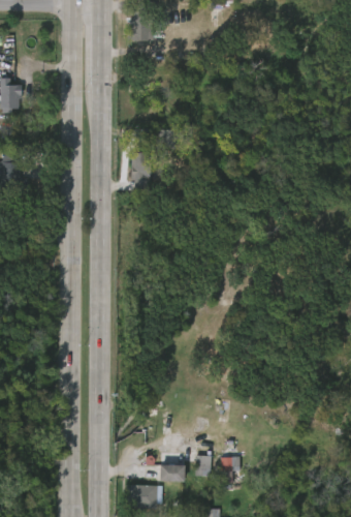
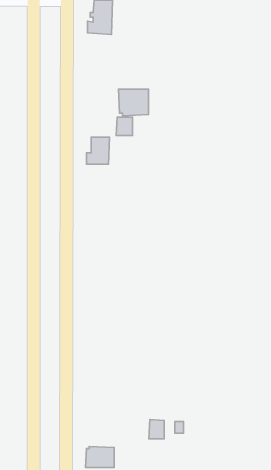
building: none -> [119,89,149,116]
building: [161,463,186,481] -> none

